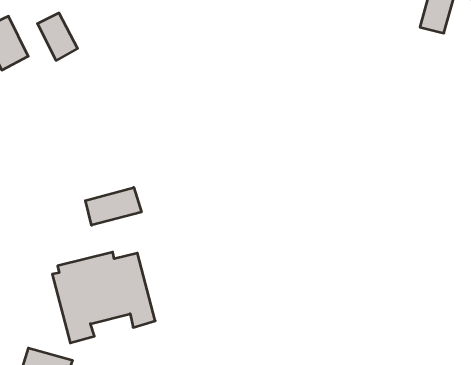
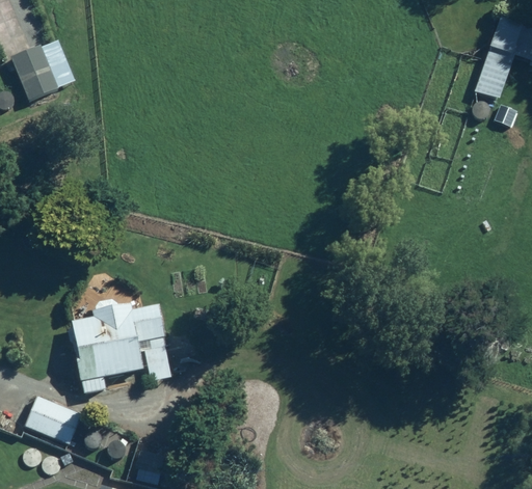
building: [37,13,78,60] -> none
building: [85,187,141,225] -> none

